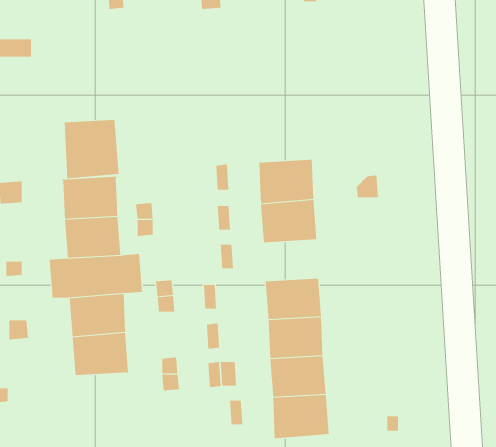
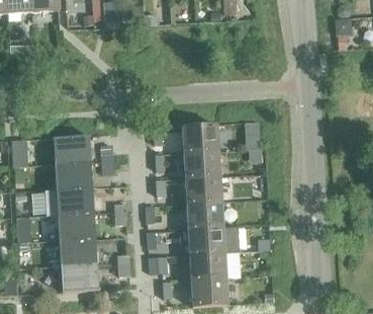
building: [64,119,119,179] -> none
building: none -> [185,176,221,204]
building: none -> [62,263,99,292]

